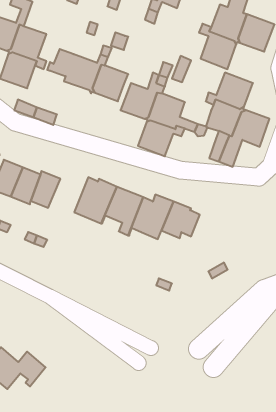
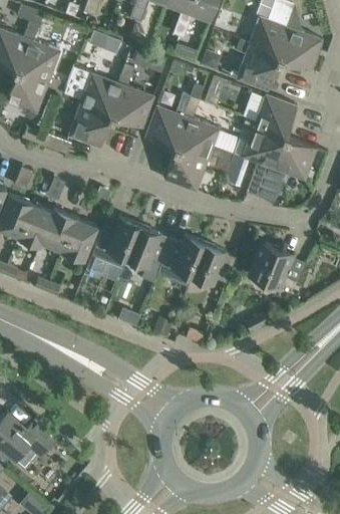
building: none -> [68,105,110,148]
building: none -> [61,218,97,260]
building: none -> [248,243,307,289]

